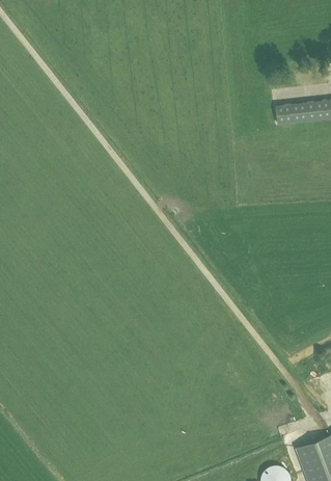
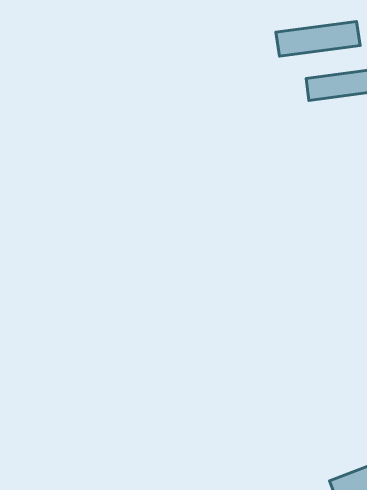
building: none -> [276,21,360,56]

